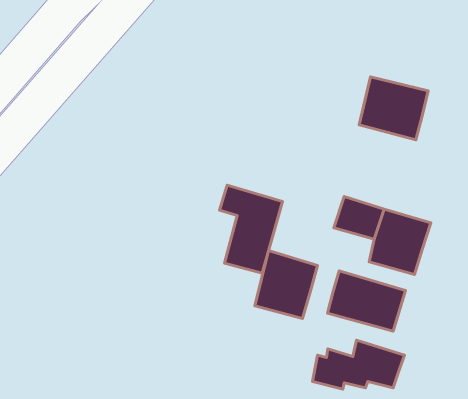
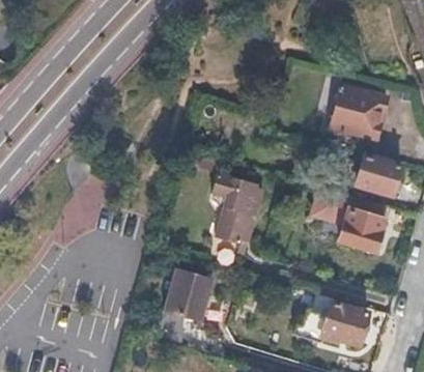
building: none -> [354,155,400,198]
building: [255,250,318,318] -> [164,269,216,325]
building: [328,271,405,331] -> none

